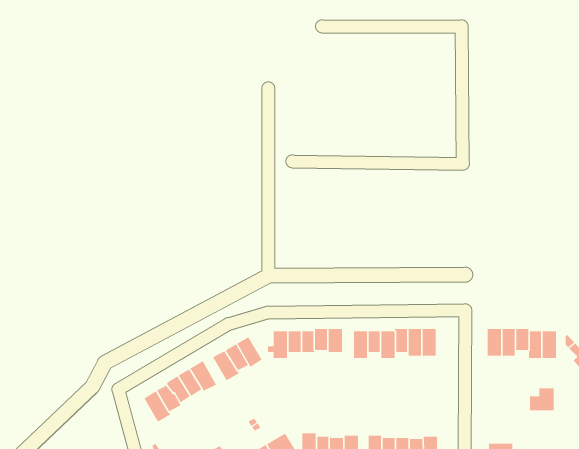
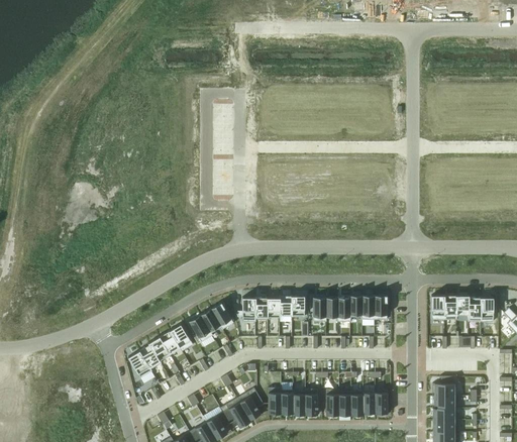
building: [529,388,554,411] -> [433,377,455,398]

